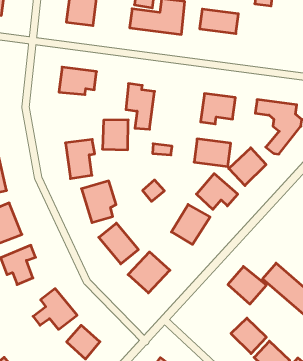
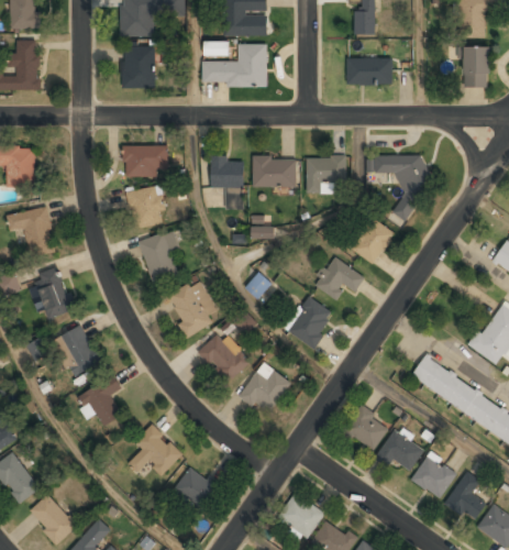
building: [200,9,238,34] -> [345,57,391,82]
building: [102,120,128,150] -> [128,186,163,227]
building: [194,139,231,167] -> [252,156,295,186]
building: [228,266,266,304] -> [342,406,390,452]

